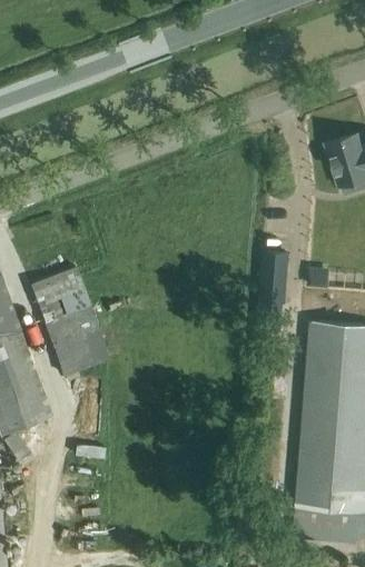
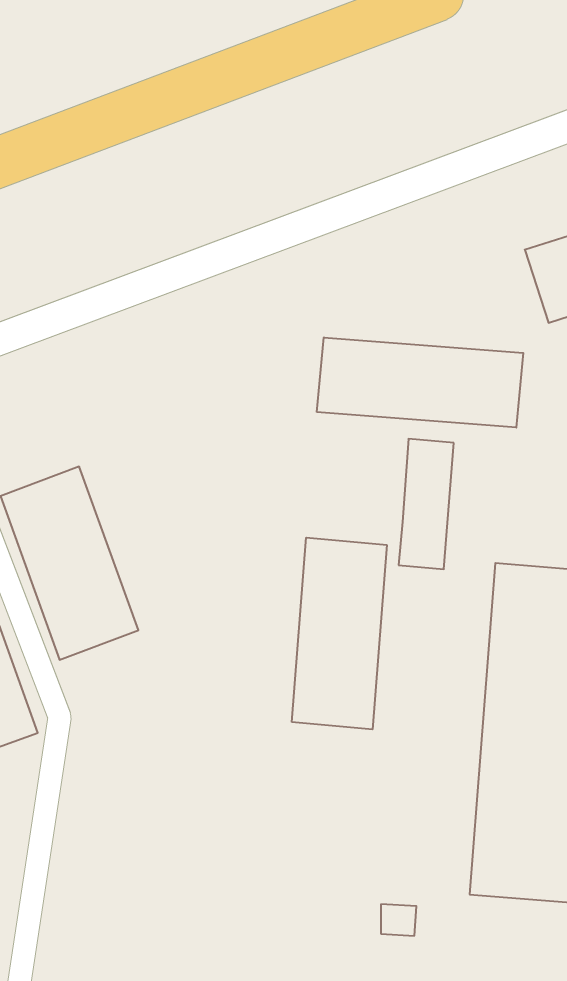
building: none -> [317,337,523,428]
building: none -> [292,538,387,729]

